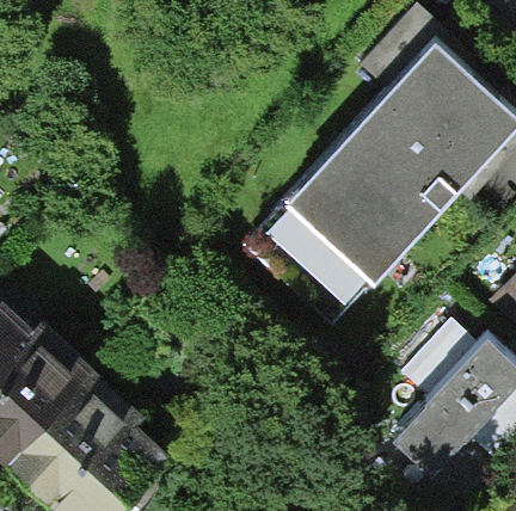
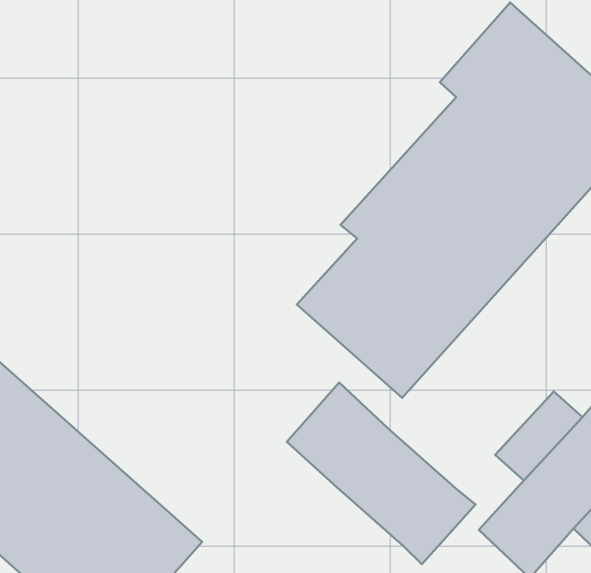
building: none -> [287,382,476,564]

